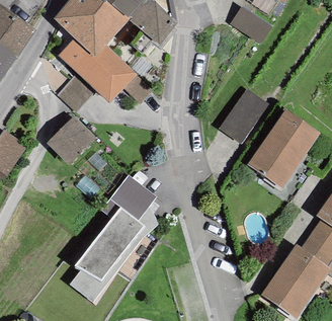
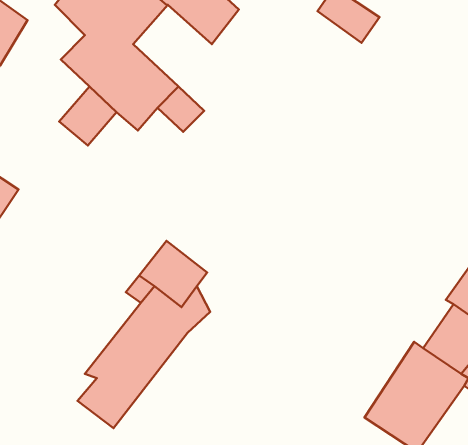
building: [219,89,268,143] -> none
building: [247,109,320,188] -> none
building: [48,116,95,164] -> none

